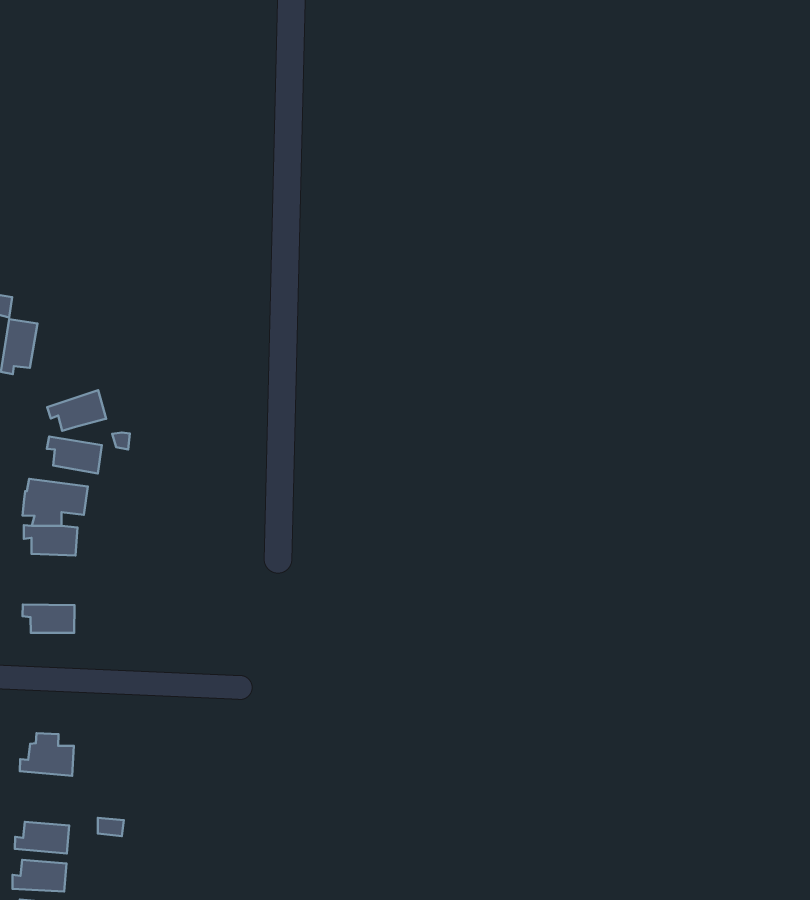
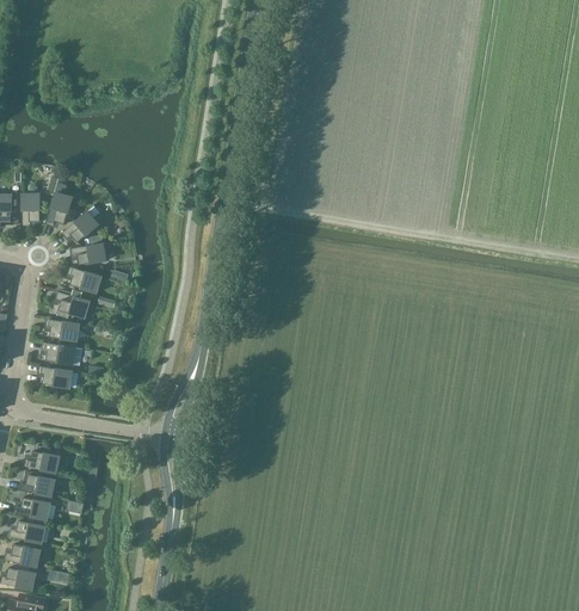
building: none -> [62,212,99,243]
building: none -> [43,342,82,366]
building: none -> [20,471,55,496]

